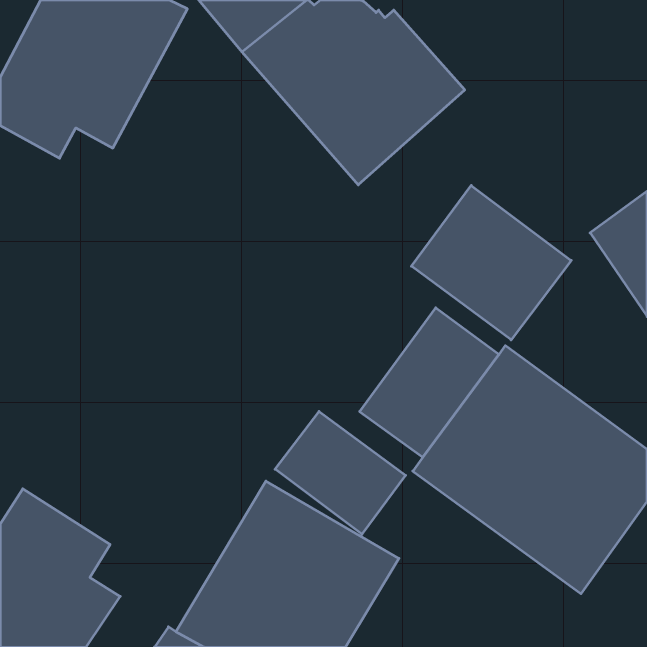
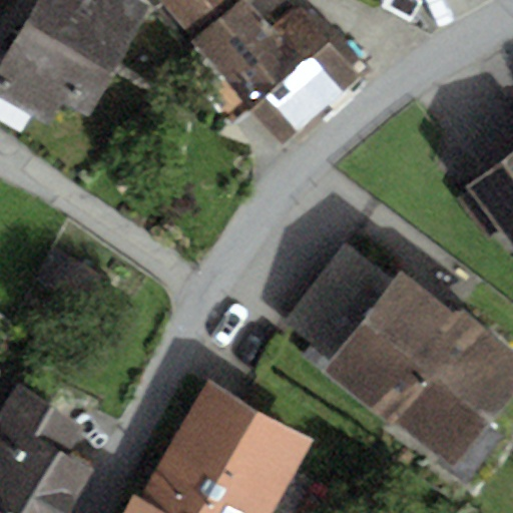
building: [411,185,571,340] -> none
building: [275,411,406,534] -> none

